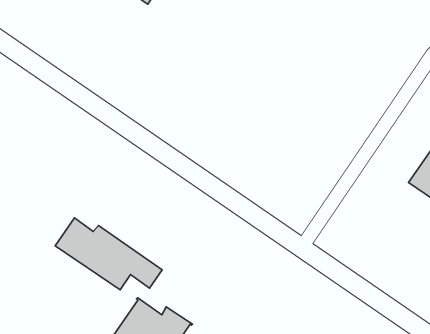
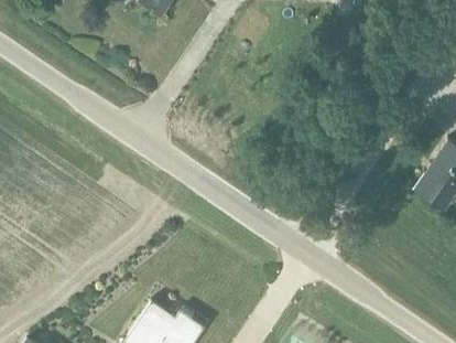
building: [55,218,162,290] -> none

